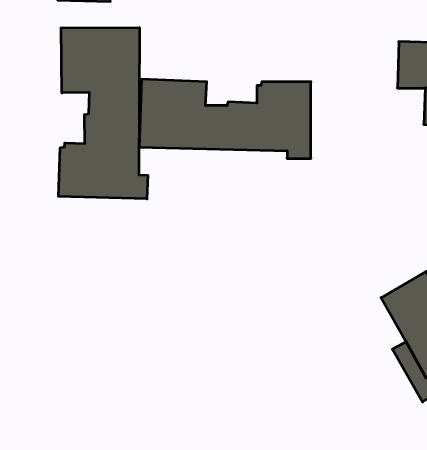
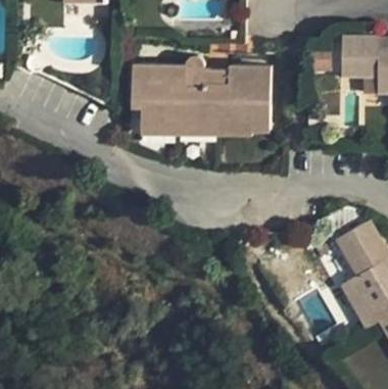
building: [59,28,148,199] -> none
building: none -> [185,60,227,88]

